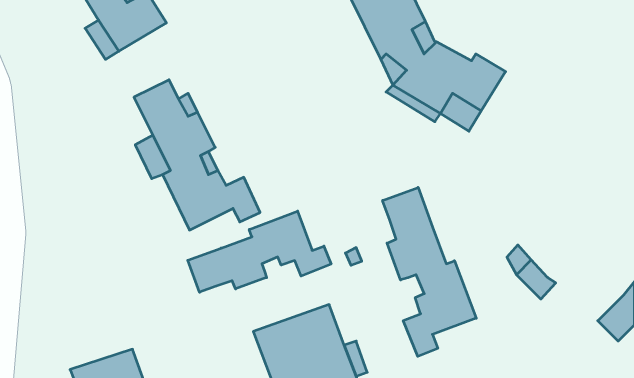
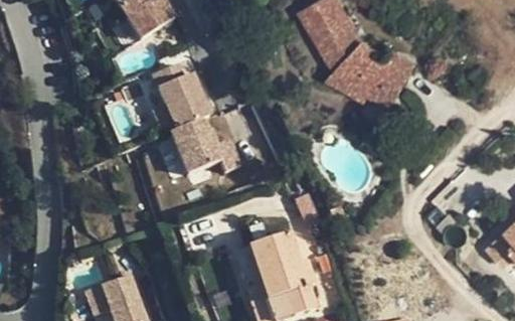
building: [383,187,476,356] -> none
building: [188,211,331,292] -> none

